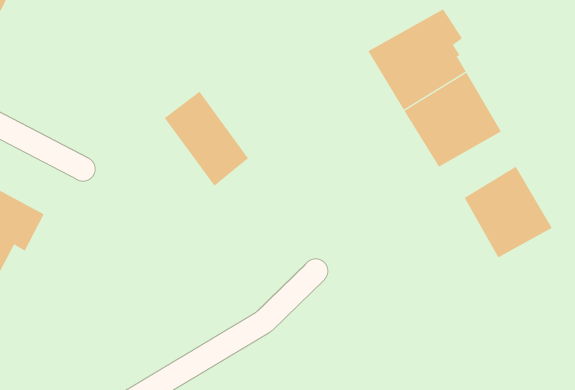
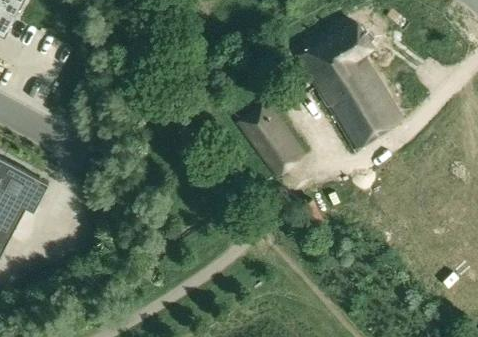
building: [164,91,249,187] -> [237,102,303,176]
building: [464,166,552,258] -> none

